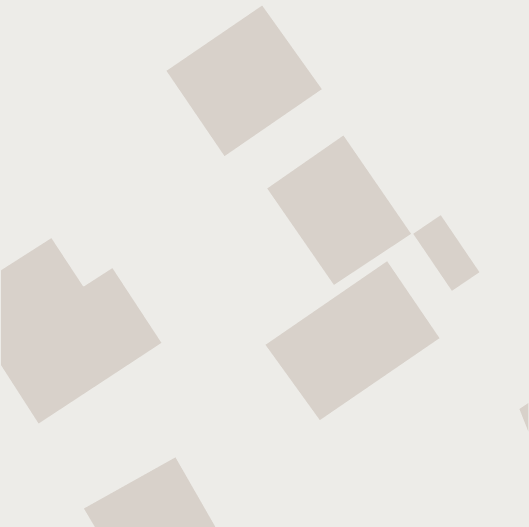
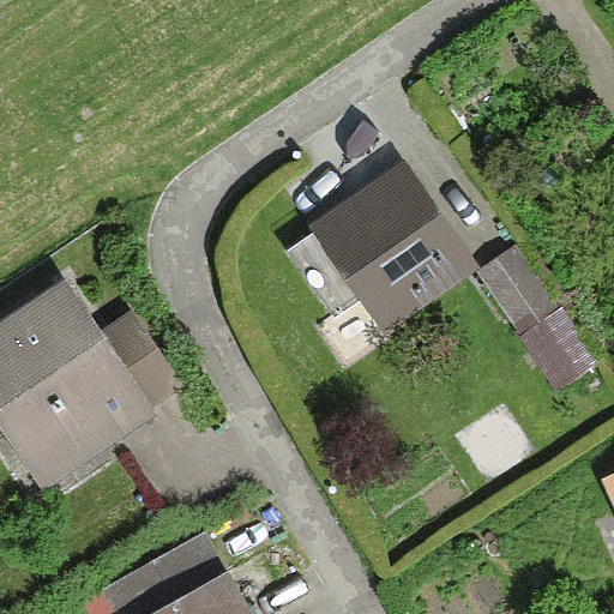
building: [165,4,323,157] -> none
building: [264,260,441,421] -> none

